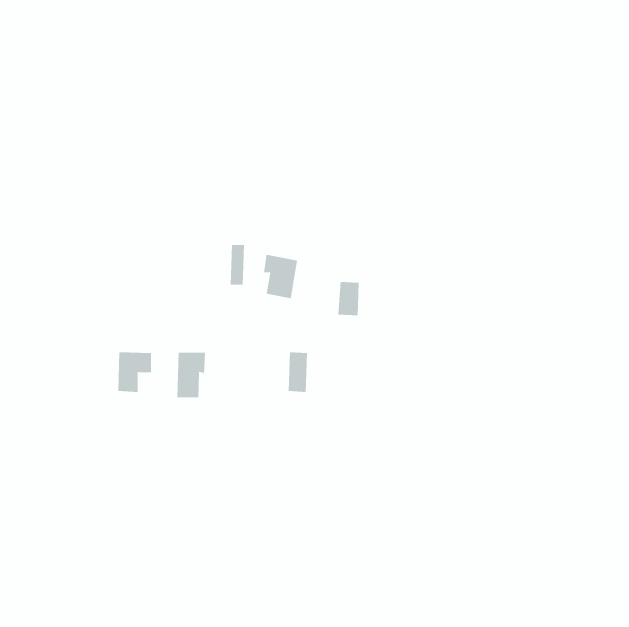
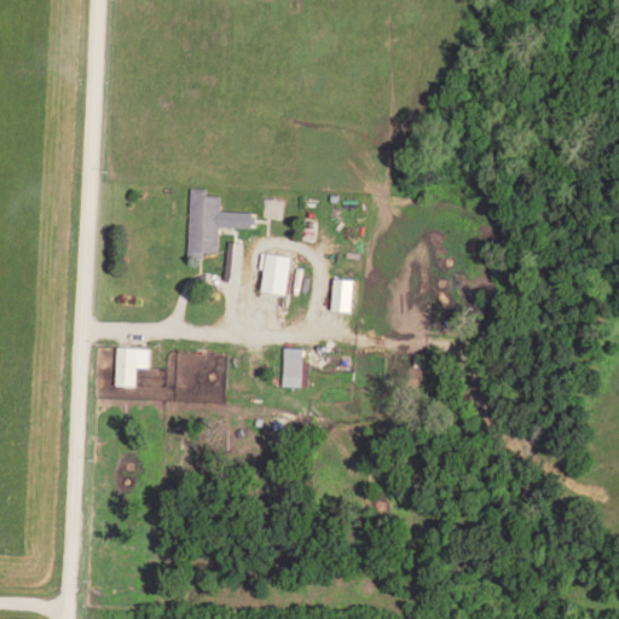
building: none -> [187,190,249,254]
building: [177,352,206,398] -> none

